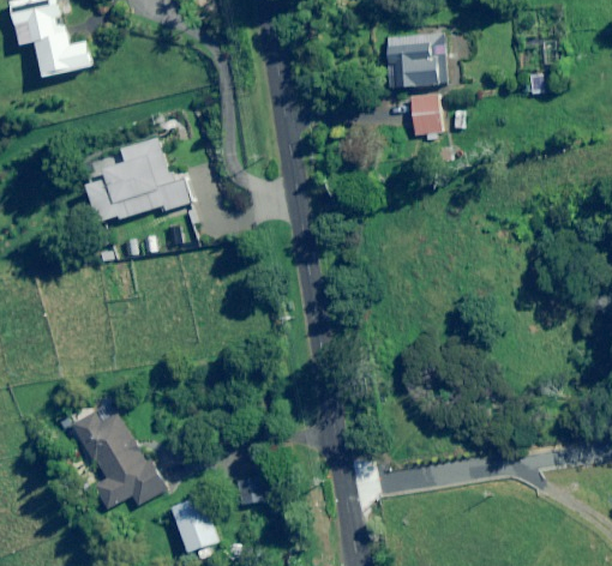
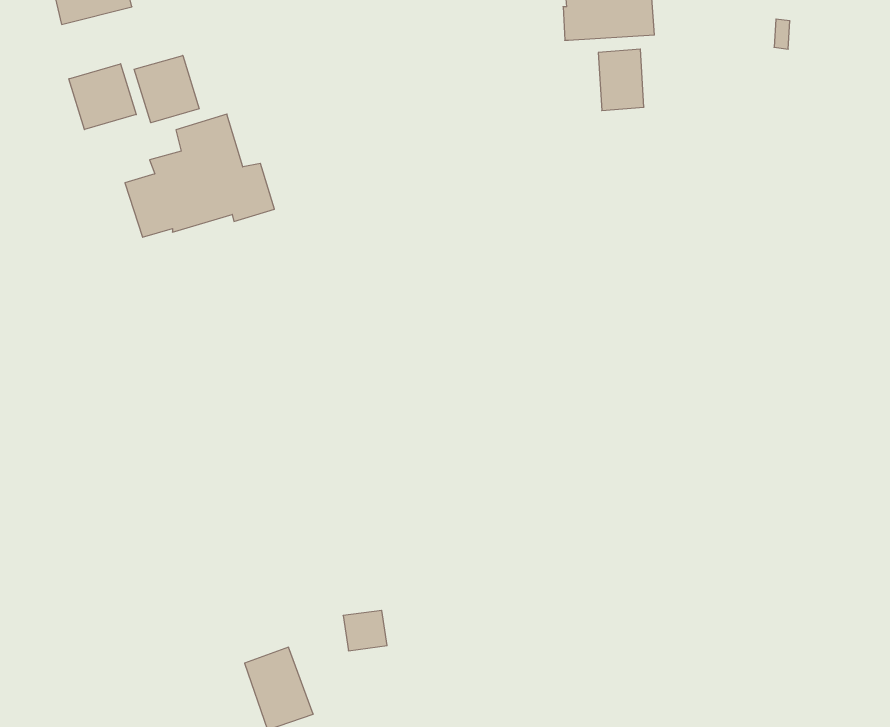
building: none -> [134,55,199,123]
building: none -> [69,64,136,130]
building: [73,411,166,508] -> none

